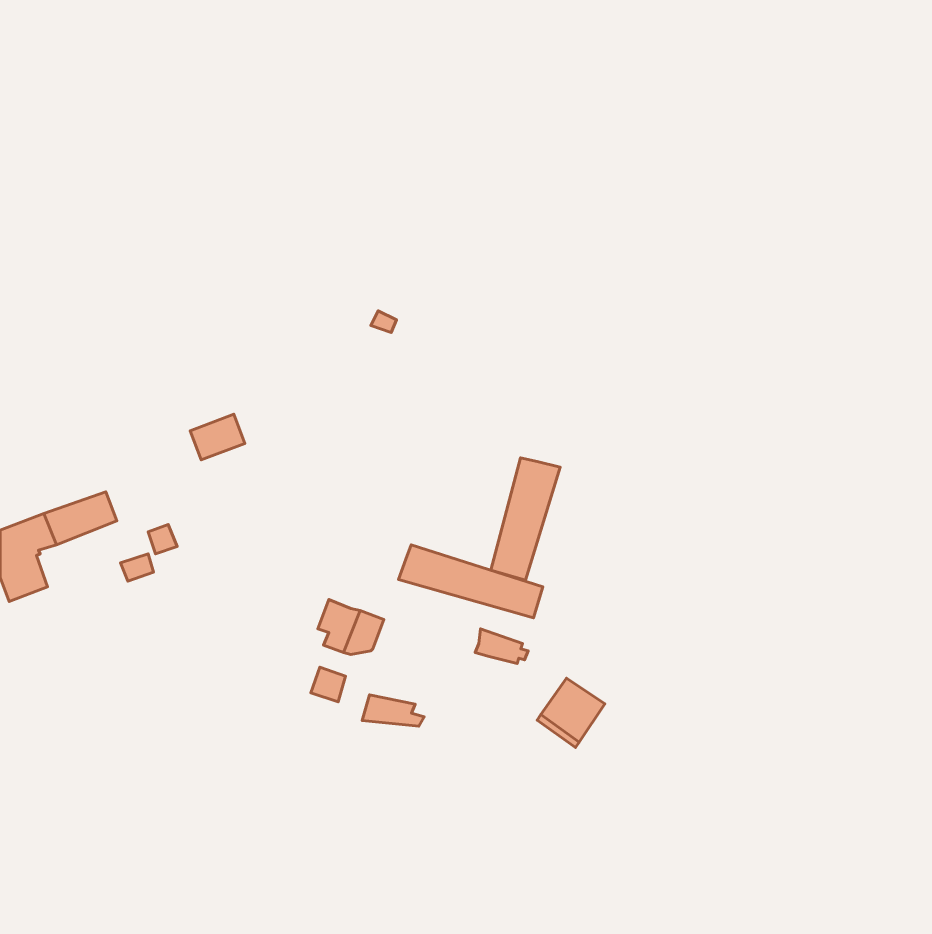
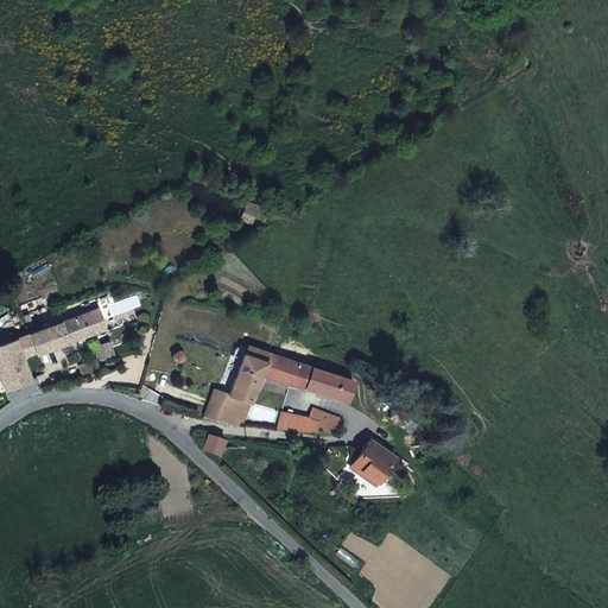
building: [190,414,245,460] -> [70,309,106,338]
building: [491,458,560,580] -> none
building: none -> [229,356,265,403]
building: [362,695,424,726] -> [278,412,318,432]

